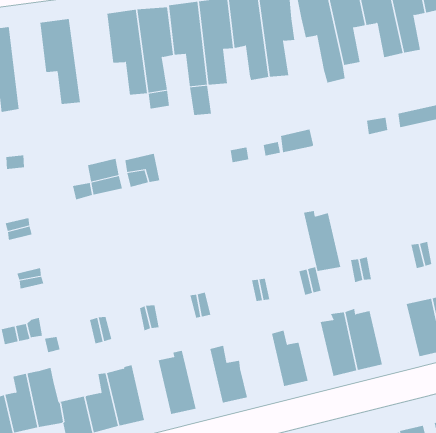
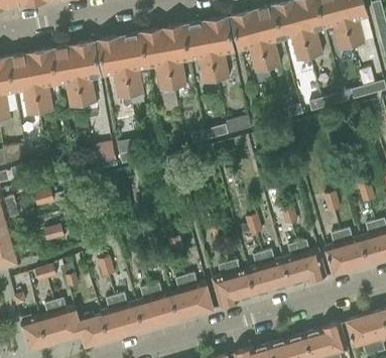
building: none -> [72,42,100,106]
building: none -> [29,50,56,113]
building: [303,210,341,271] -> [243,252,272,295]
building: none -> [296,241,326,281]
building: none -> [212,263,238,307]
building: none -> [164,275,195,320]
building: none -> [129,286,158,330]

